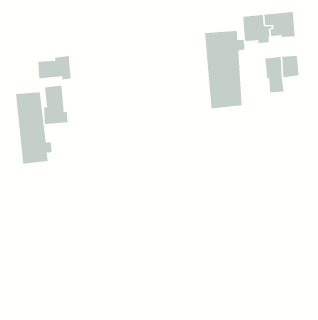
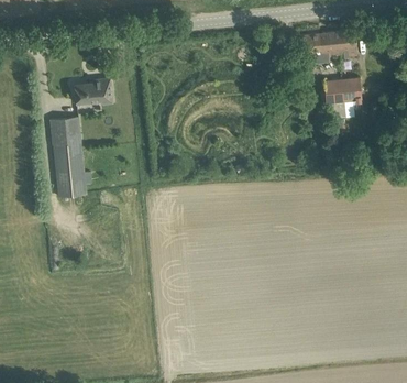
building: [205,30,245,109] -> none
building: [44,85,68,125] -> none

